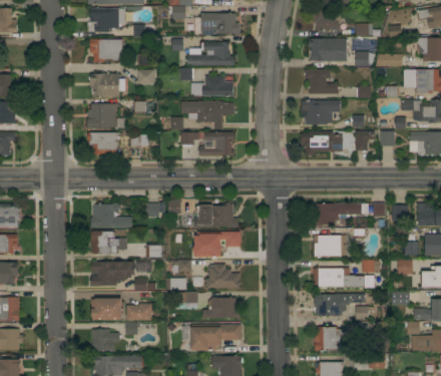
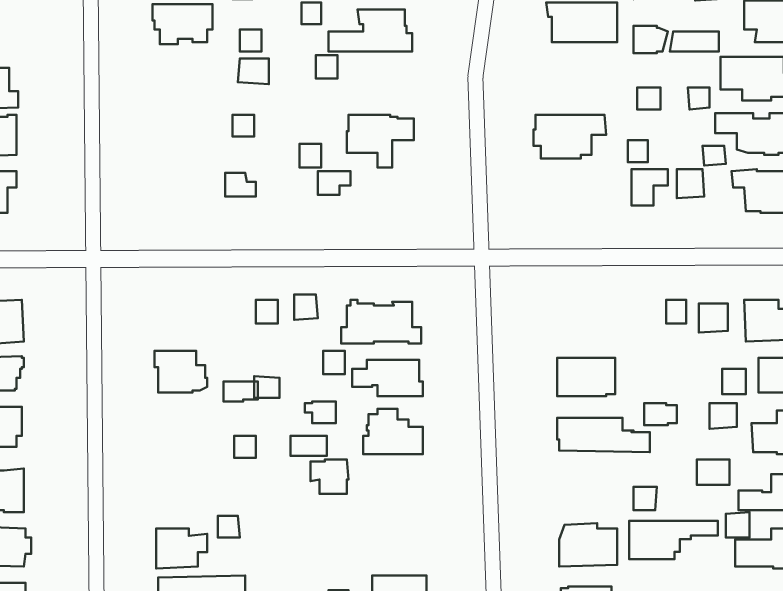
building: [305,69,338,94] -> none
building: [90,74,125,97] -> none
building: [191,76,234,96] -> none
building: [89,104,127,128] -> none
building: [301,131,343,156] -> none
building: [88,132,117,154] -> none
building: [199,132,235,156] -> none
building: [91,204,132,228] -> none
building: [314,204,368,226] -> none
building: [91,262,134,287] -> none
building: [316,295,365,316] -> [629,521,718,559]
building: [202,298,240,319] -> none
building: [91,299,121,320] -> none
building: [127,304,154,321] -> none
building: [189,325,242,351] -> none

